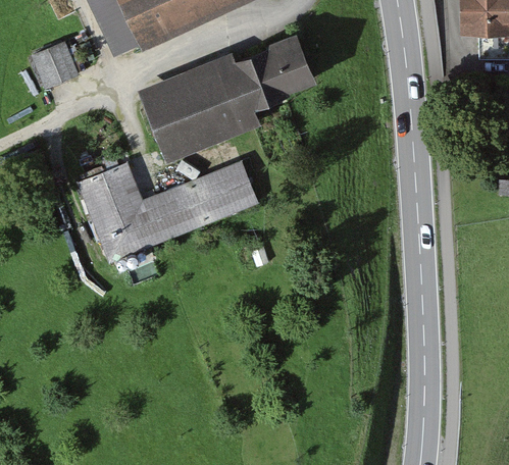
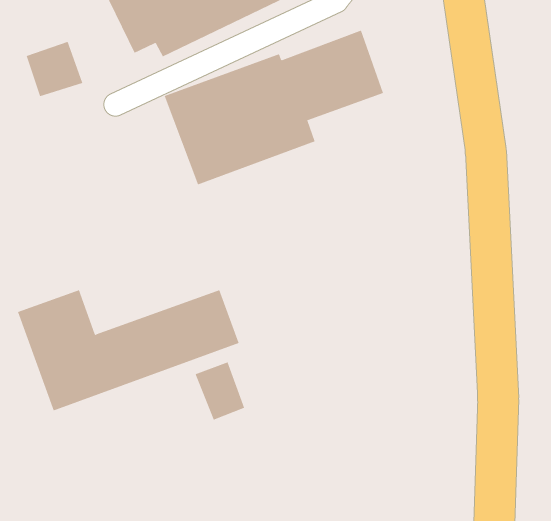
building: [74,161,257,261] -> [17,290,240,411]
building: none -> [195,362,245,421]

